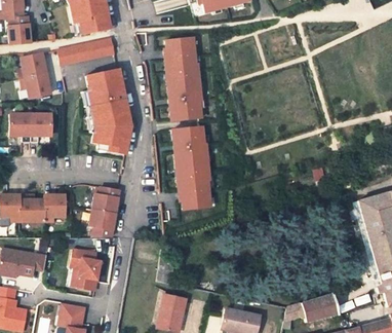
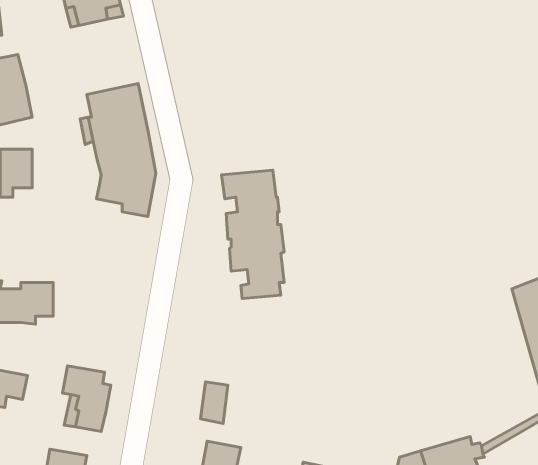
building: [57,36,115,63] -> none
building: [165,37,201,119] -> none
building: [91,189,120,238] -> none

